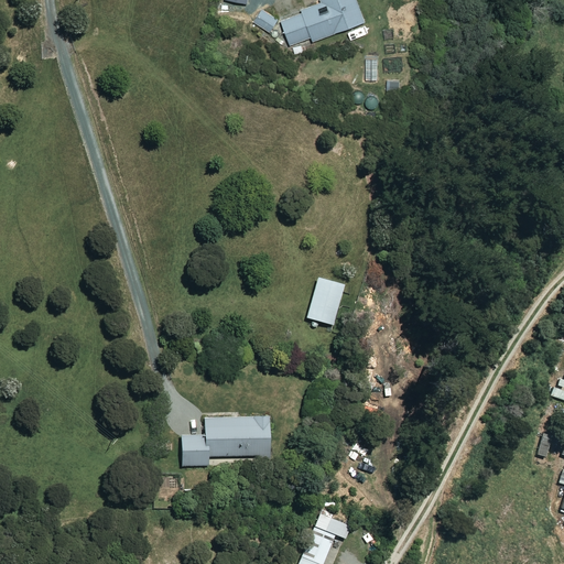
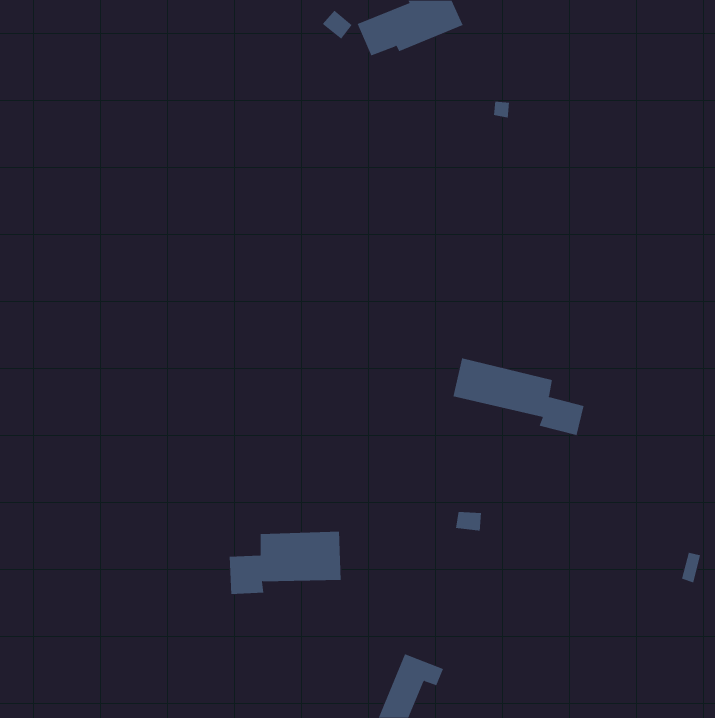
building: [307,278,344,324] -> none
building: none -> [453,357,584,436]

